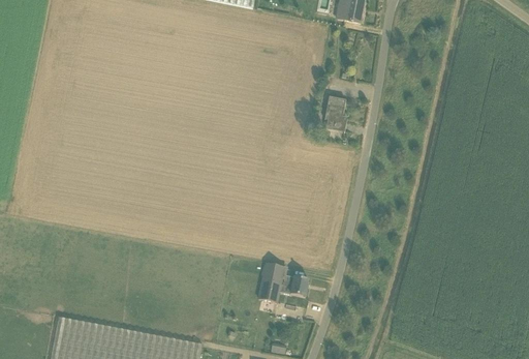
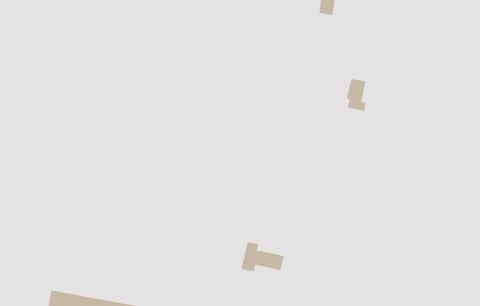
building: [323,95,345,131] -> [346,78,366,112]

